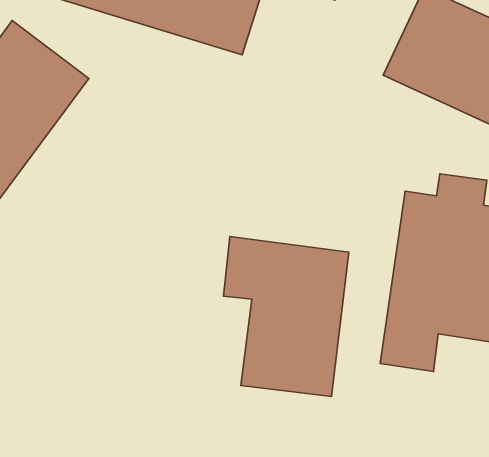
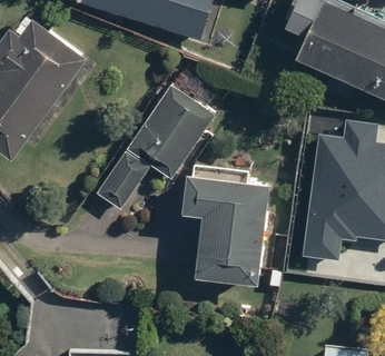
building: none -> [95,85,214,210]

